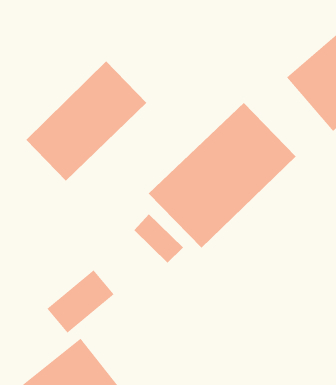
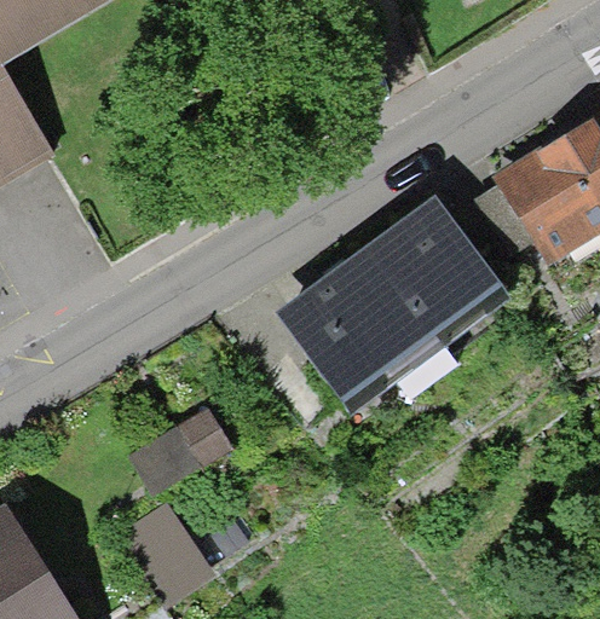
building: [25,61,147,182] -> none

